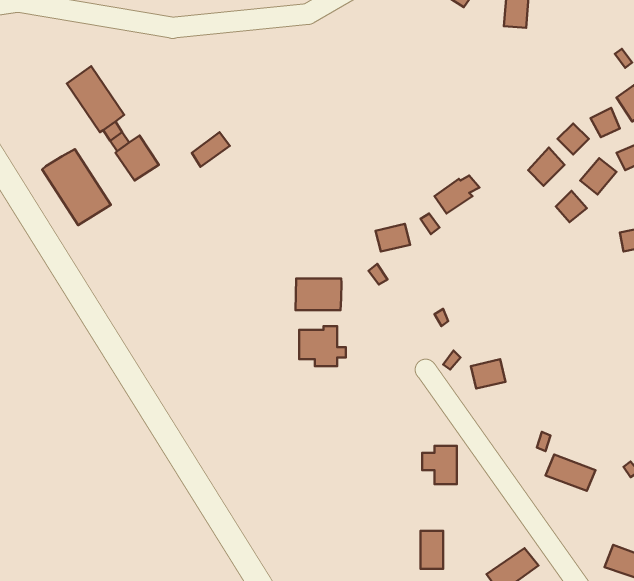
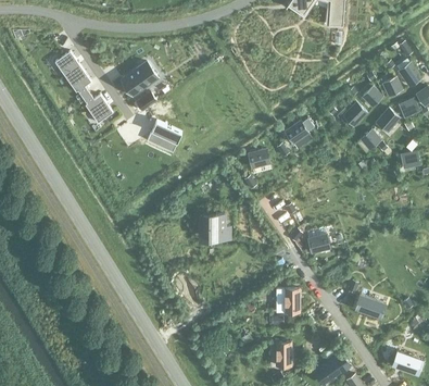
building: none -> [122,62,156,95]
building: [42,149,111,225] -> none
building: none -> [147,121,181,152]
building: [295,279,342,310] -> none

